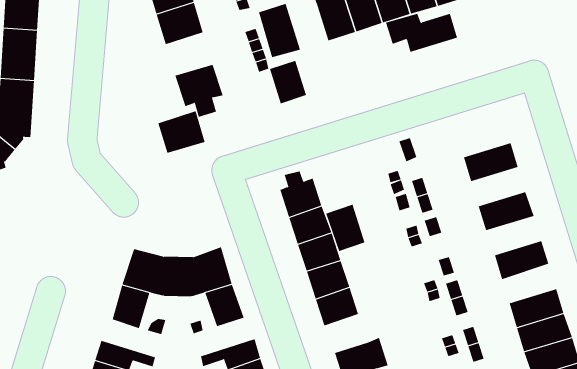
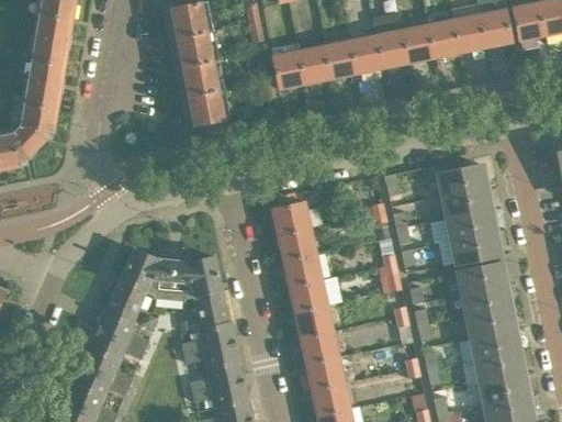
building: [385,13,458,52] -> [423,163,487,198]
building: [269,60,307,104] -> [299,46,330,85]
building: [158,111,205,154] -> [182,59,224,96]
building: none -> [447,212,496,244]
building: [326,204,365,252] -> none
building: none -> [456,258,506,290]
building: none -> [465,303,515,335]
building: none -> [300,331,338,364]
building: none -> [182,323,236,354]
building: none -> [95,311,148,351]

